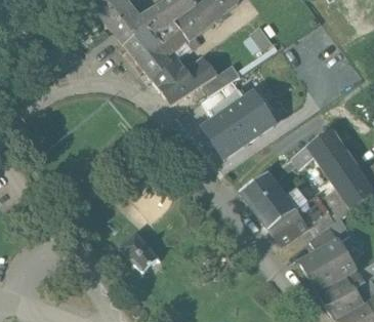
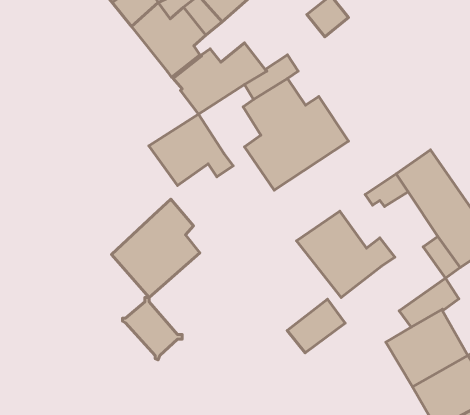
building: none -> [149,114,233,185]
building: none -> [112,199,200,297]
building: [269,210,309,247] -> [287,299,345,353]

